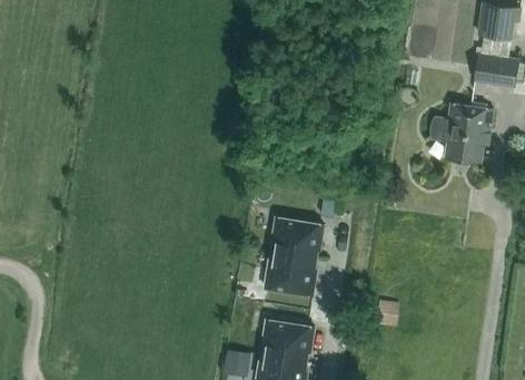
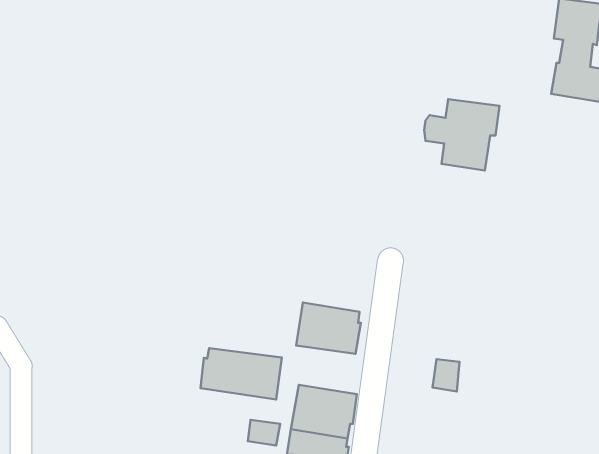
building: [430,104,493,163] -> [424,99,500,170]
building: [269,217,324,261] -> none
building: none -> [200,348,282,400]

